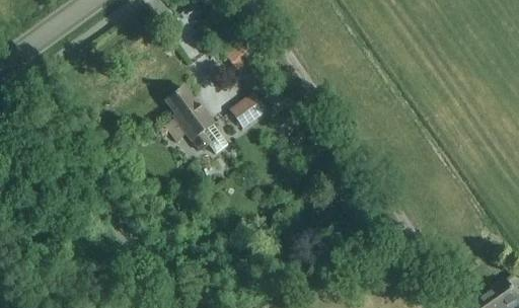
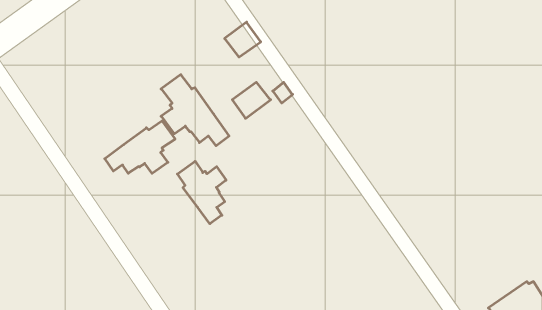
building: none -> [105,121,175,173]
building: none -> [177,161,226,224]

